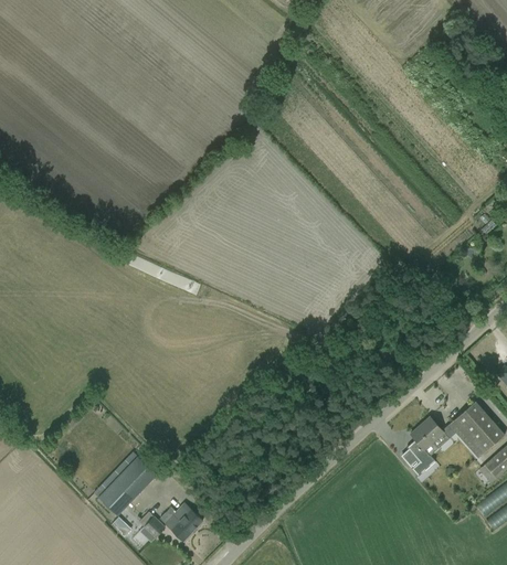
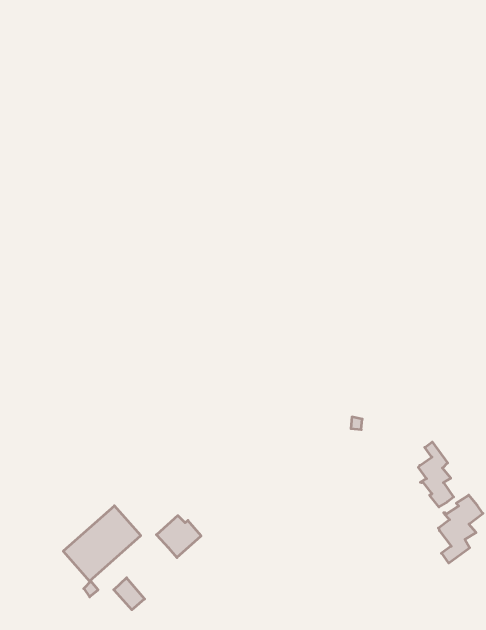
building: none -> [418,442,454,507]
building: [165,505,202,541] -> [156,516,201,558]

